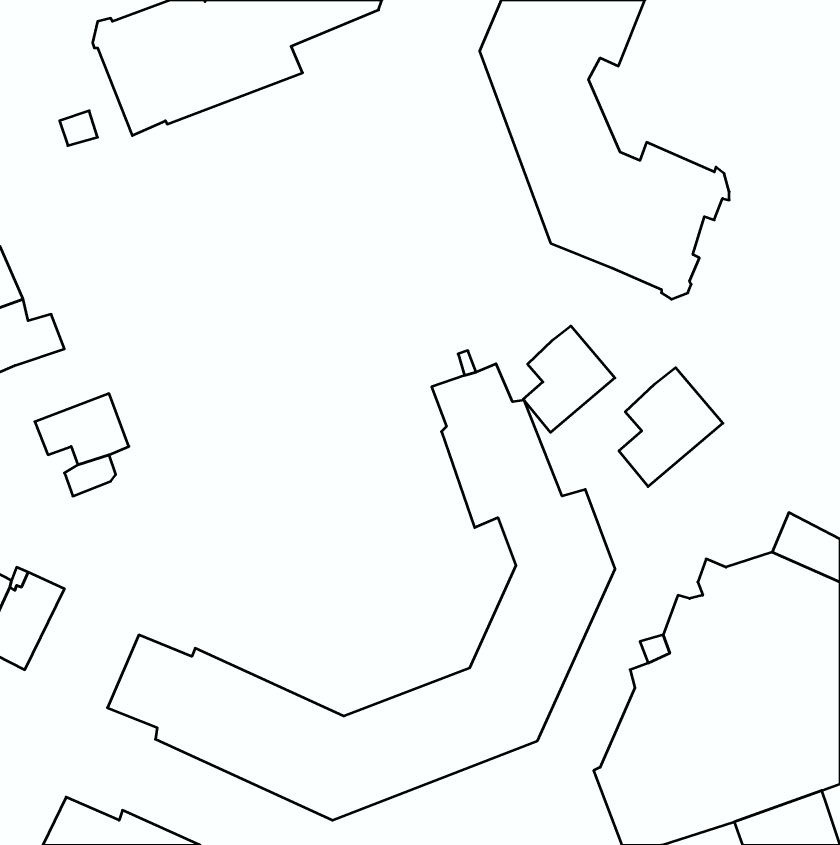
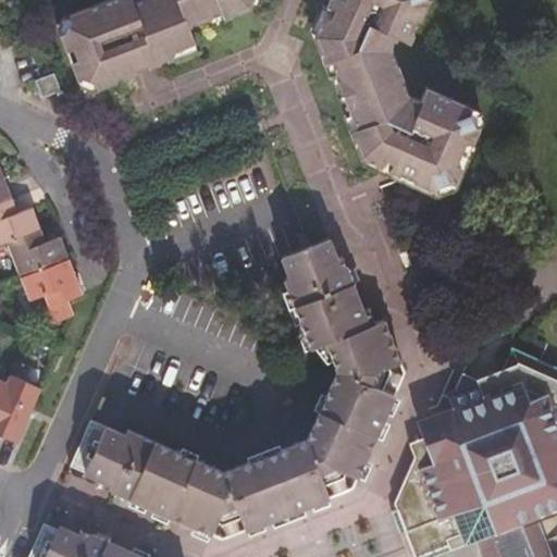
building: [523,326,615,432] -> none
building: none -> [10,230,72,277]
building: [619,368,723,487] -> none

